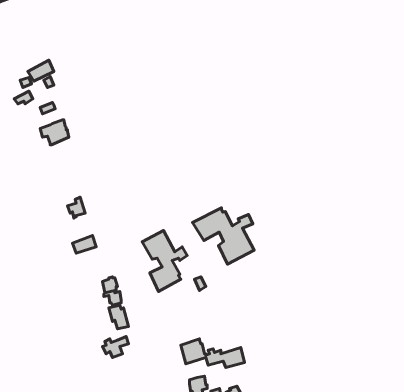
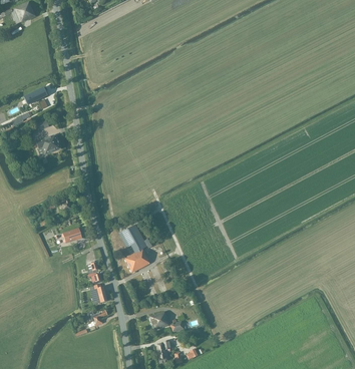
building: [193,208,254,264] -> none

